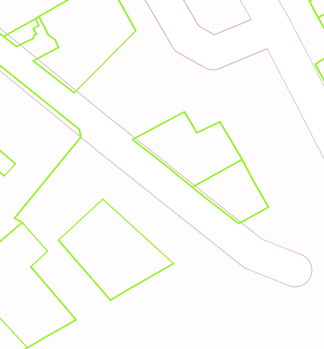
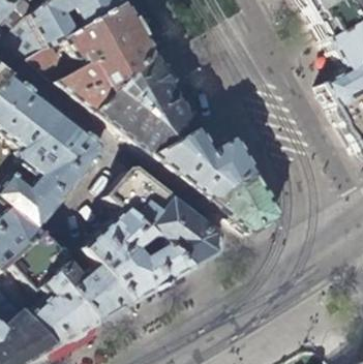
building: none -> [98,52,200,153]
building: none -> [111,168,217,269]
building: none -> [58,252,132,322]

